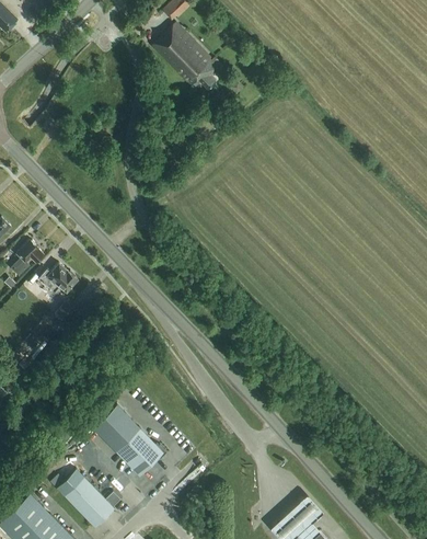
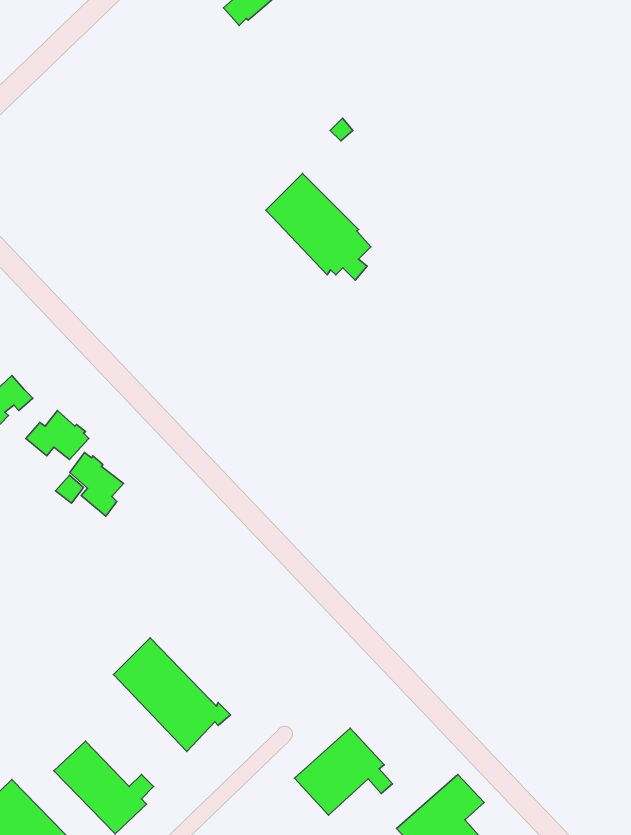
building: [152,23,218,90] -> [266,173,371,280]
building: none -> [70,453,123,516]
building: none -> [295,728,392,815]

